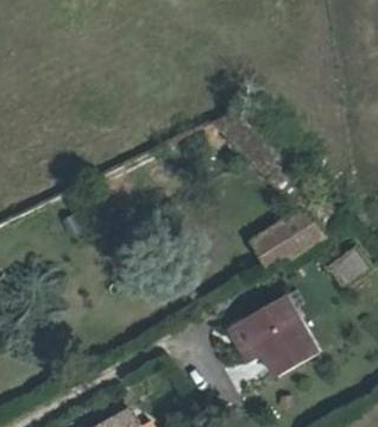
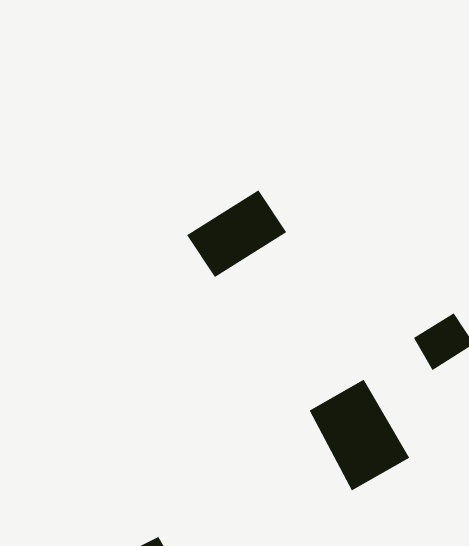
building: [242,205,319,271] -> [186,189,287,278]

